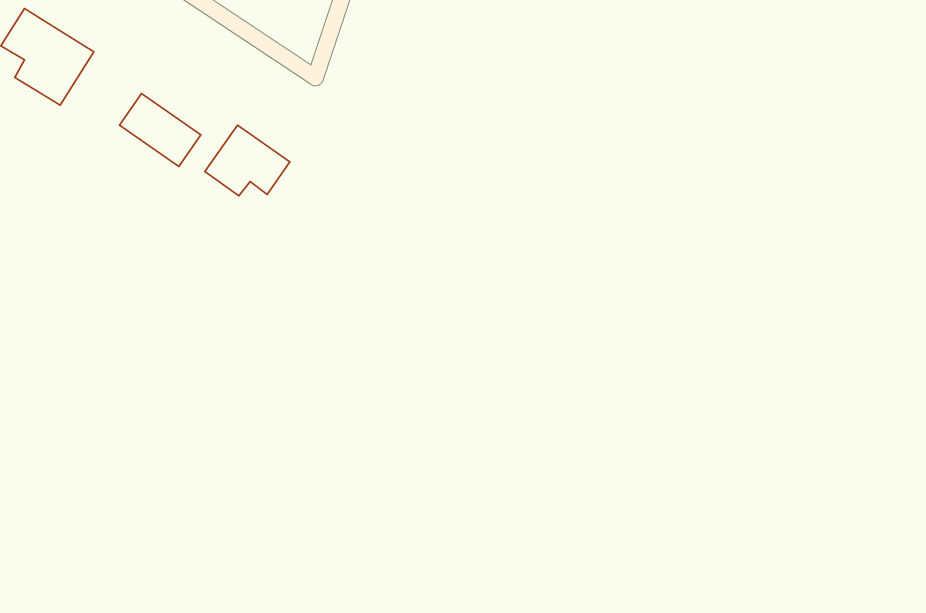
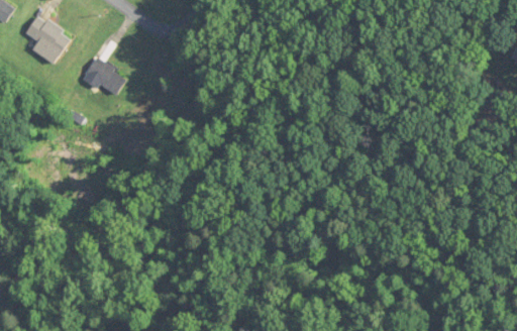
building: [205,125,290,196] -> none

